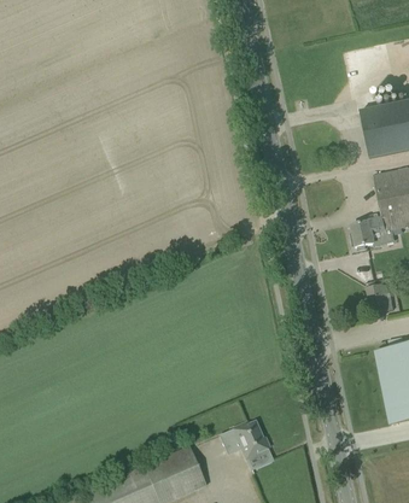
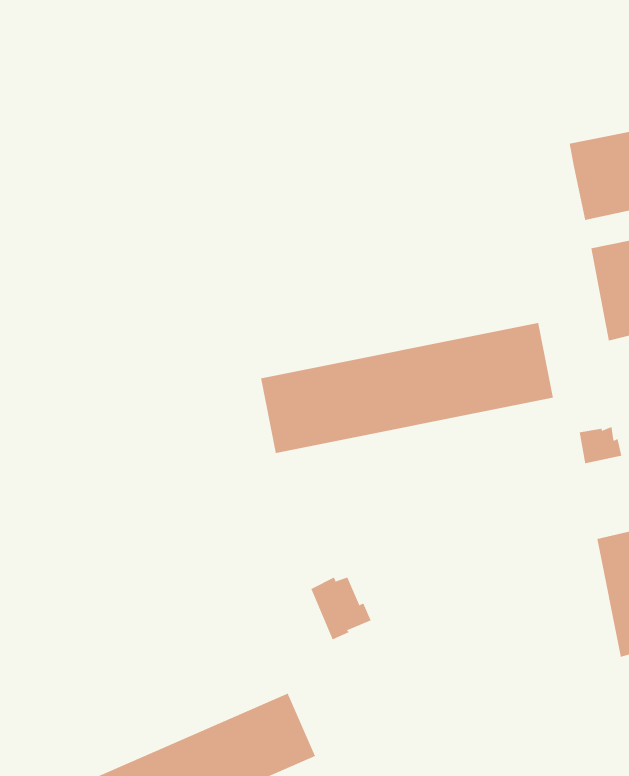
building: [350,212,385,247] -> none
building: none -> [260,322,553,454]
building: [233,420,270,458] -> [310,577,372,640]

